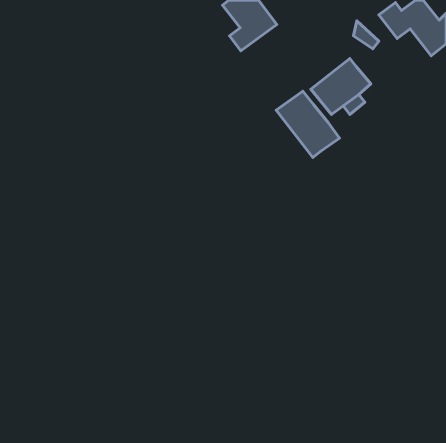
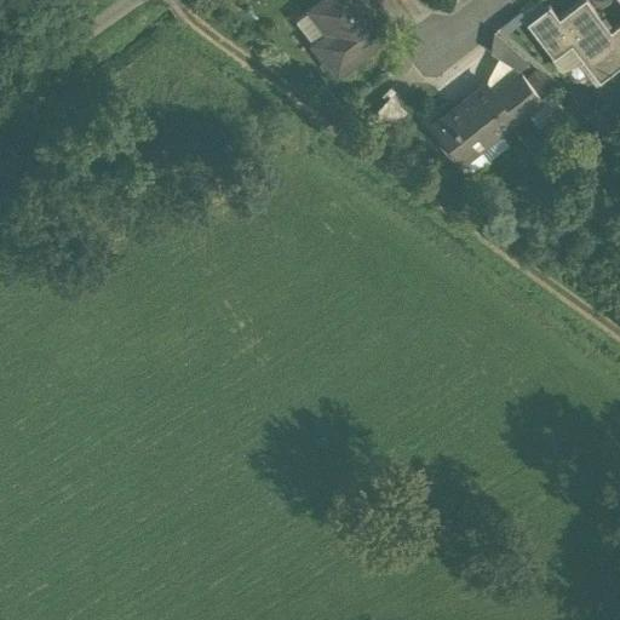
building: none -> [494,76,540,121]
building: [276,91,339,157] -> none

